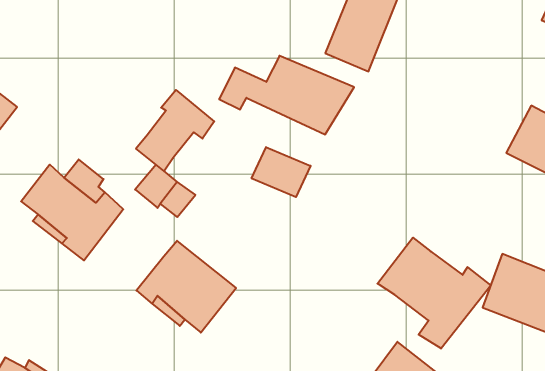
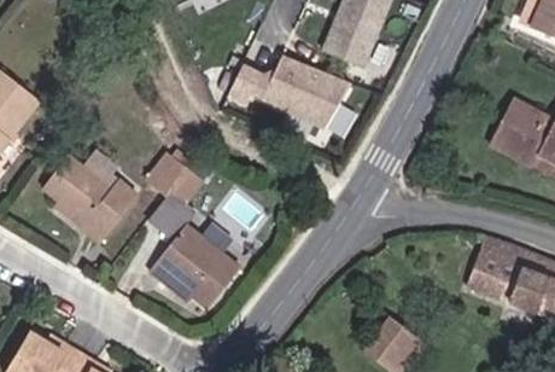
building: [136,90,214,171] -> none
building: [252,147,311,197] -> none
building: none -> [147,191,197,239]
building: [377,238,491,349] -> none

